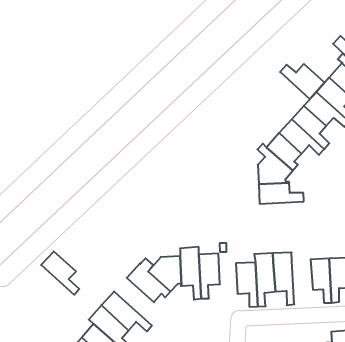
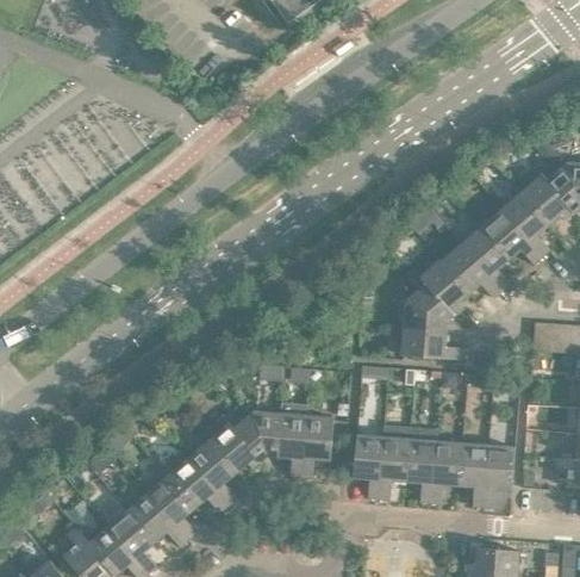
building: [280,64,325,99] -> none
building: [41,251,79,295] -> [187,441,236,505]
building: none -> [430,441,461,503]

